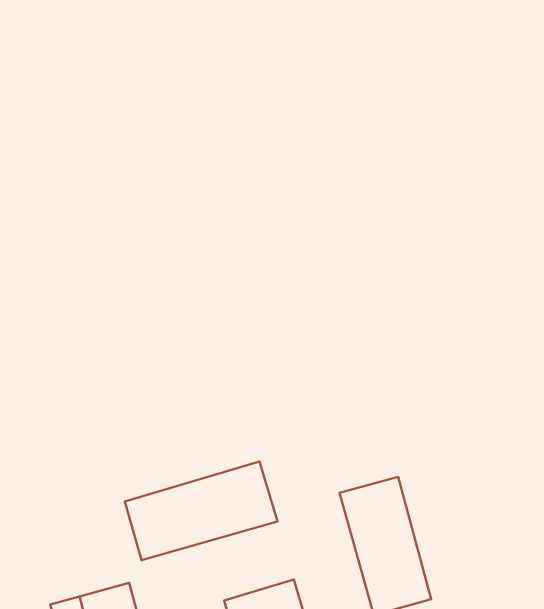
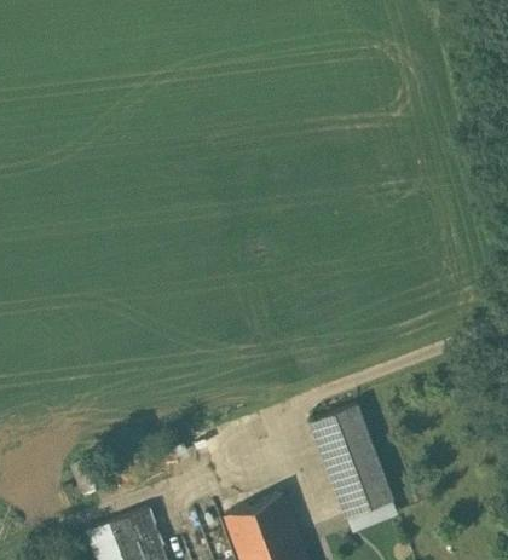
building: [125,462,277,560] -> none

